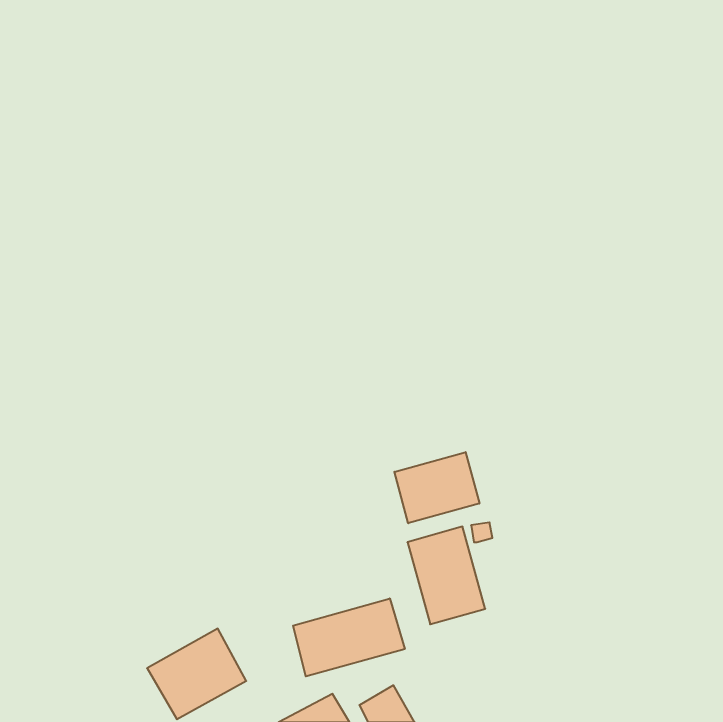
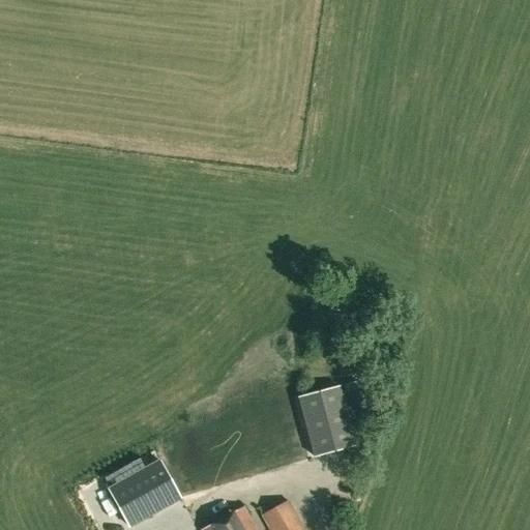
building: [394,452,479,523] -> none
building: [293,598,405,676] -> none

